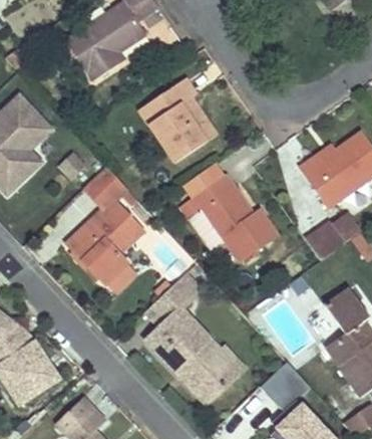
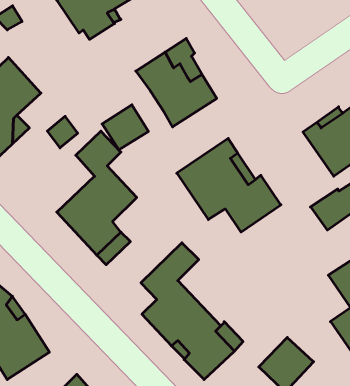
building: none -> [102,105,148,150]

